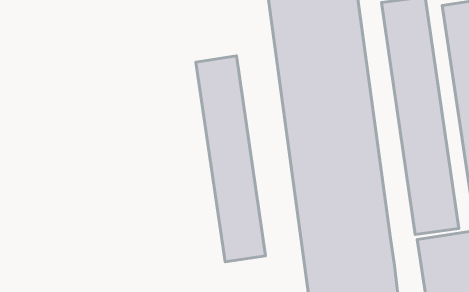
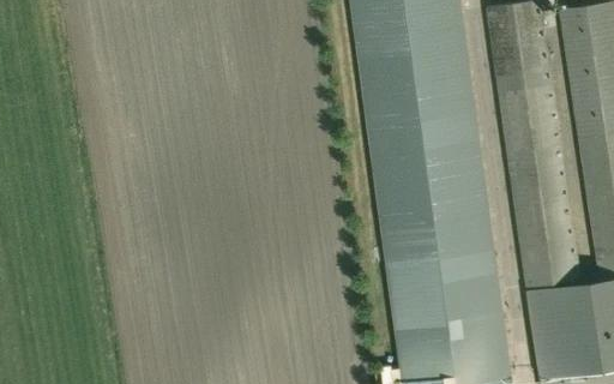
building: [196,56,266,262] -> none

